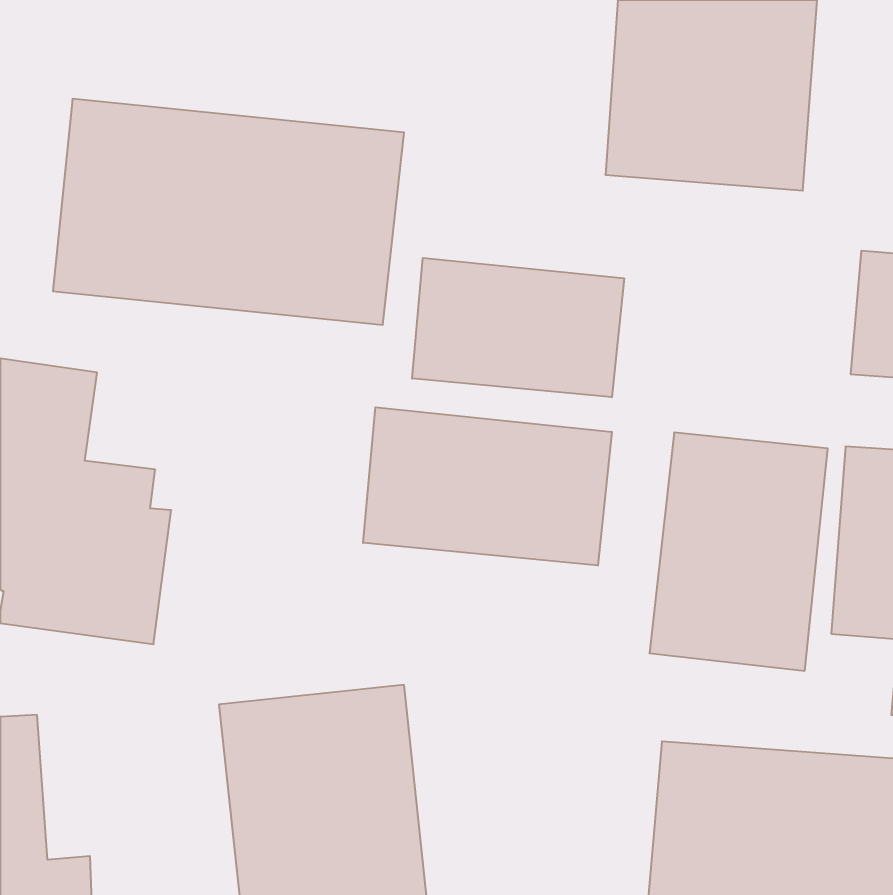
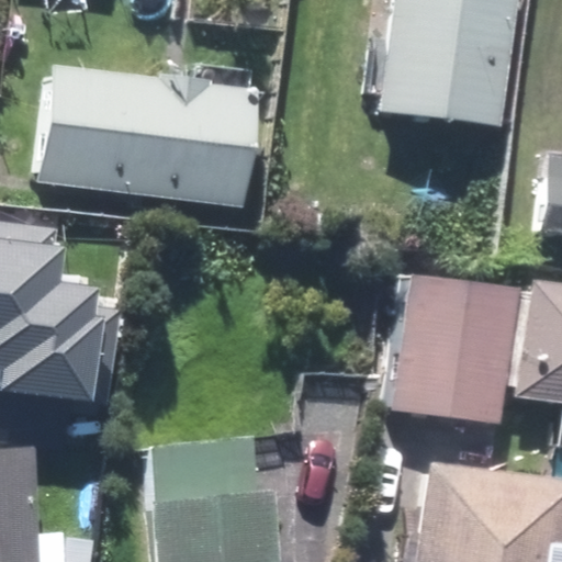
building: [412,258,624,397] -> none
building: [363,407,612,566] -> none

